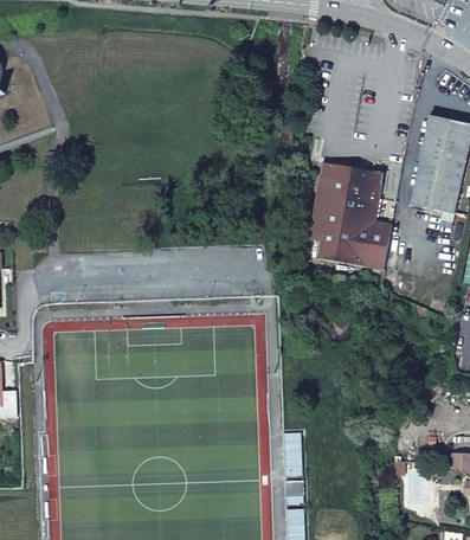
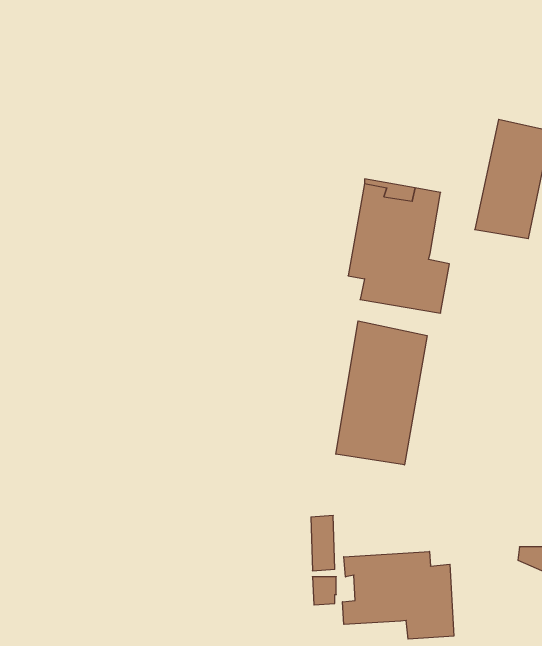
building: none -> [336,321,427,465]
building: none -> [343,551,454,639]

